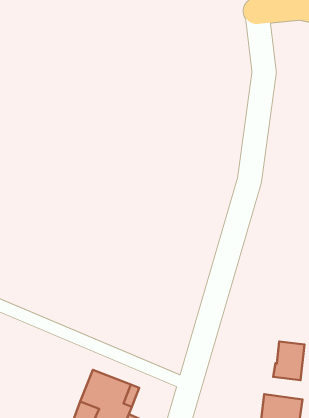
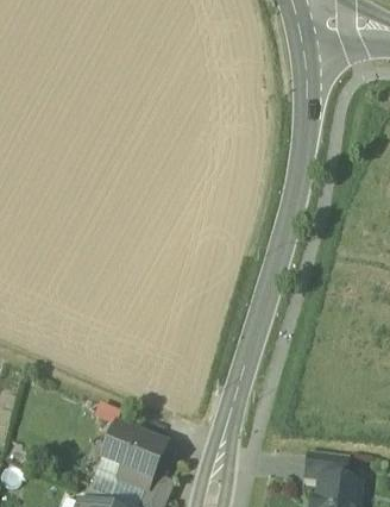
building: [273,342,304,380] -> none

